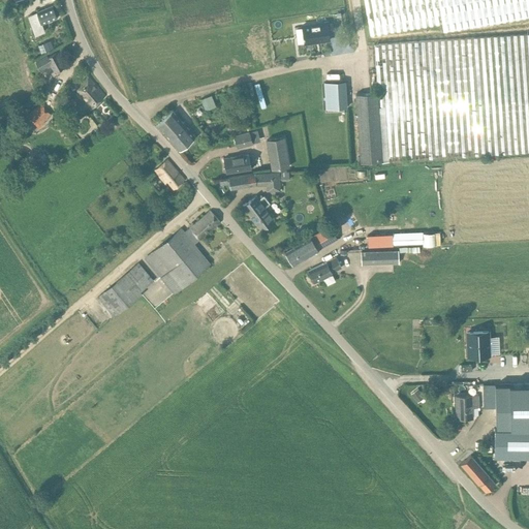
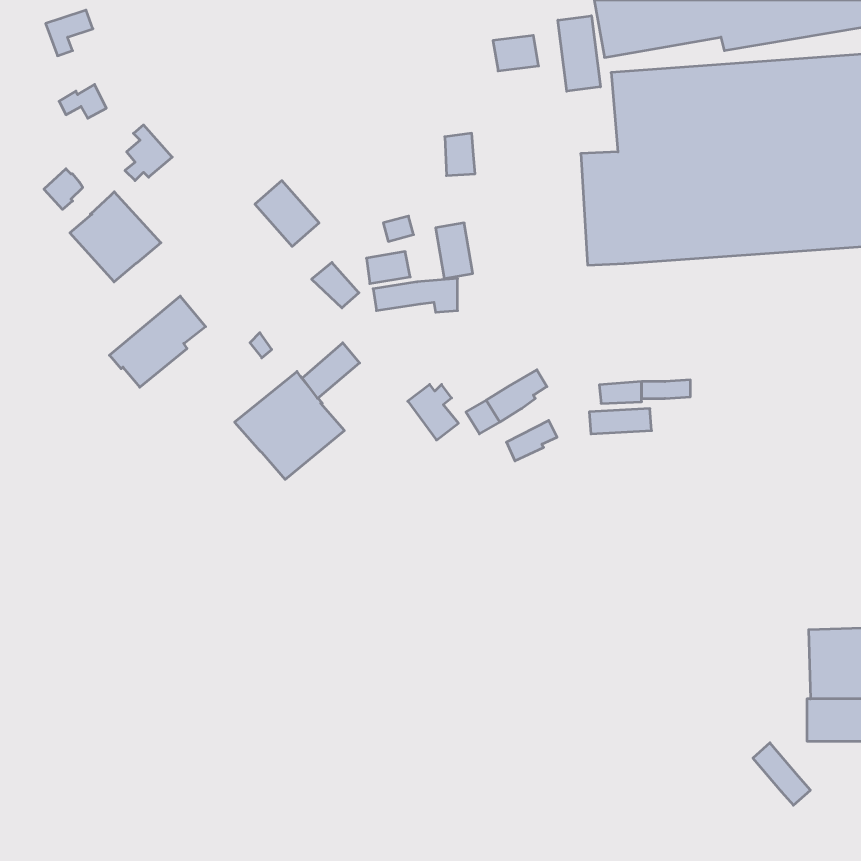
building: none -> [558,16,600,91]
building: [325,83,344,108] -> [445,133,475,176]
building: none -> [70,192,161,282]
building: [156,161,185,189] -> [312,262,359,308]
building: [244,196,275,230] -> [408,384,458,440]
building: [96,263,155,319] -> [109,296,206,387]
building: [468,333,490,356] -> none
building: [457,385,485,419] -> none

